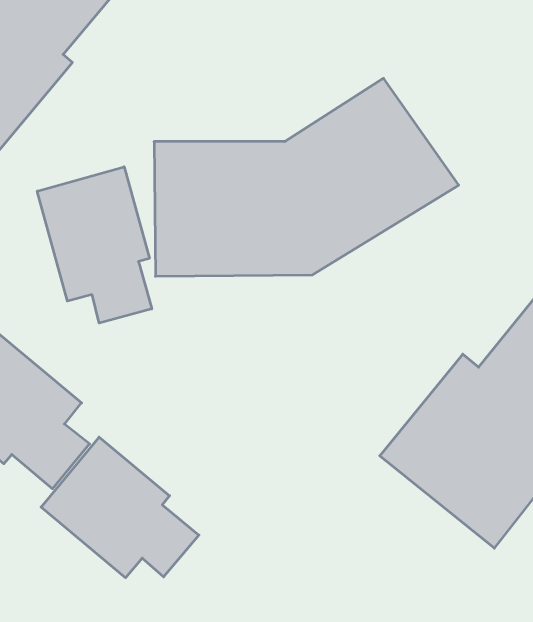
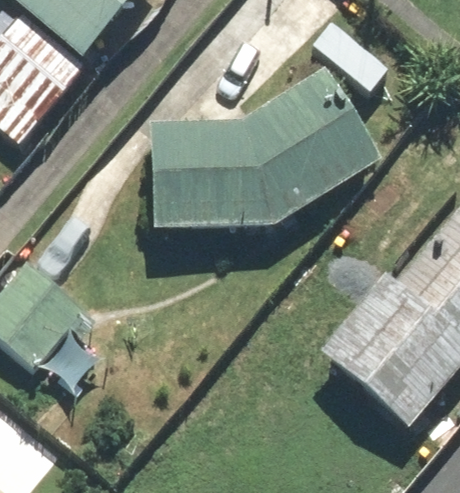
building: [37,167,152,323] -> none
building: [41,437,199,578] -> none

